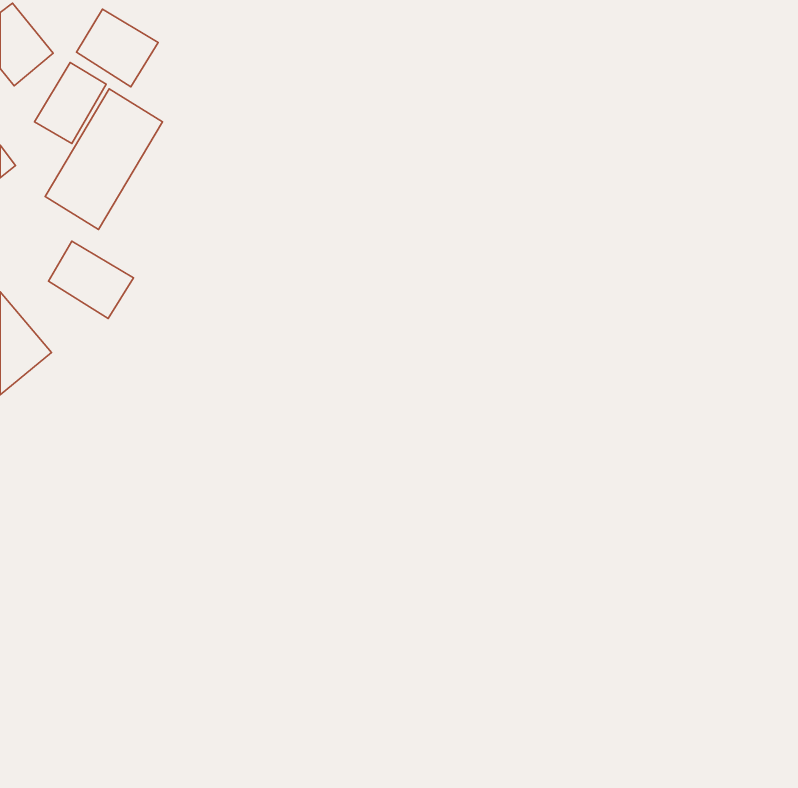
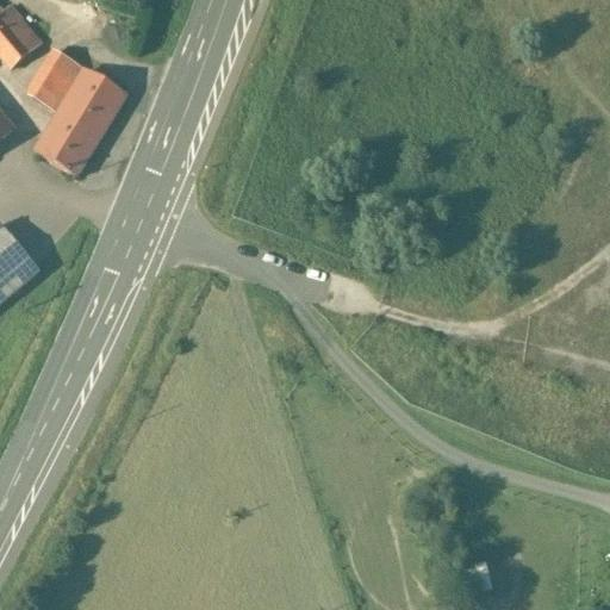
building: [77,9,158,87] -> none
building: [48,241,133,318] -> none

